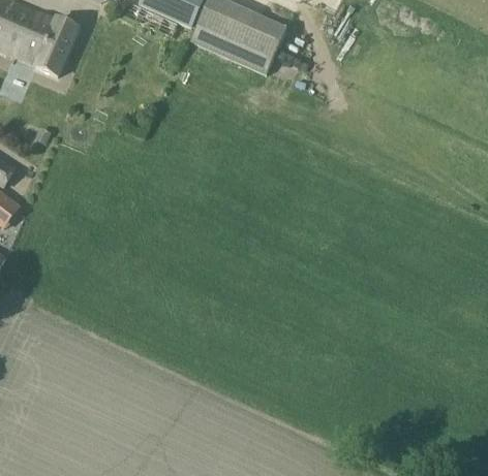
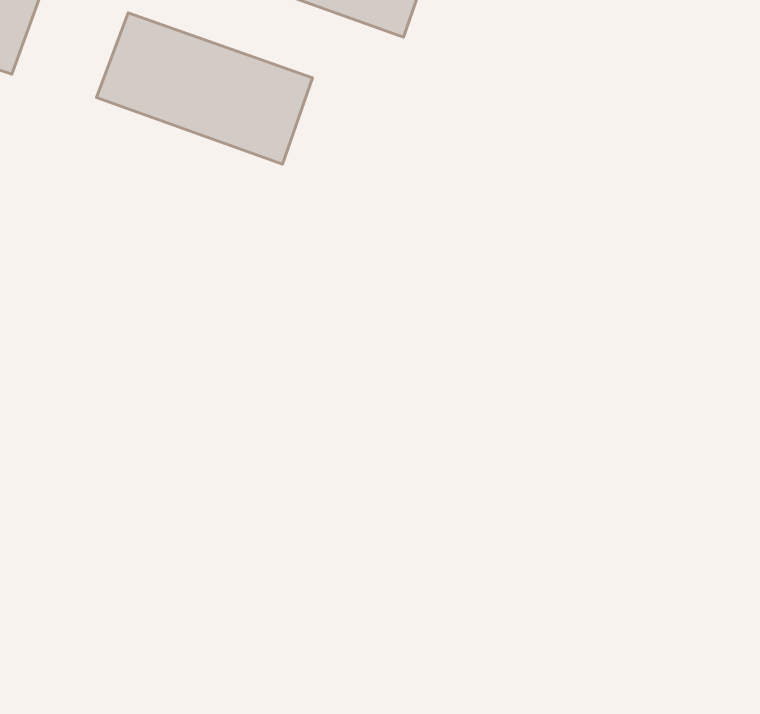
building: none -> [96,13,313,164]

